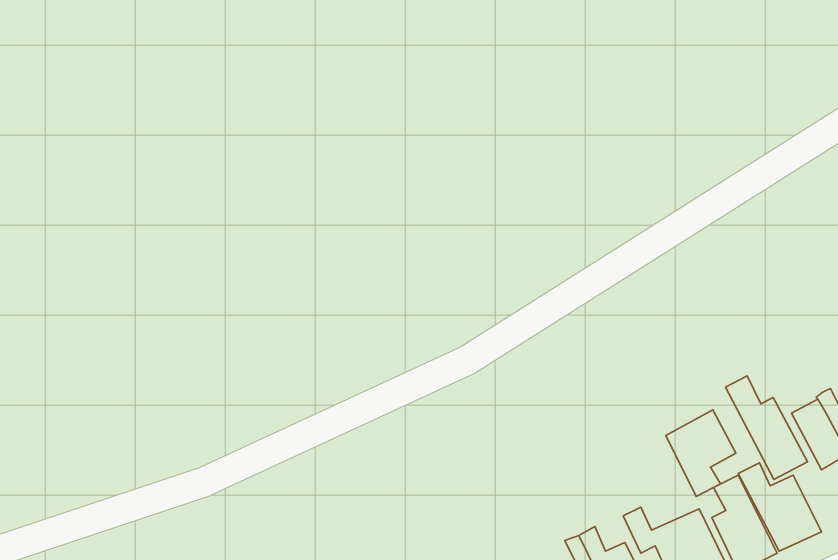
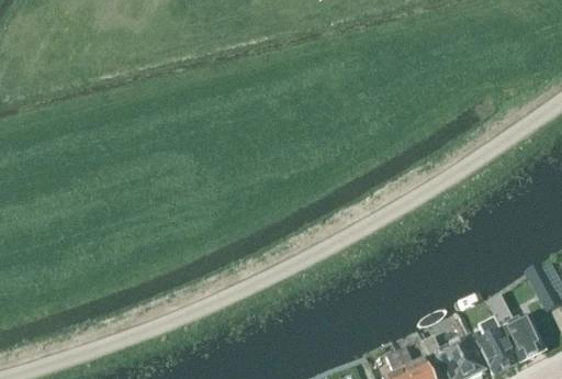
building: [726,376,808,479] -> none
building: [666,410,736,496] -> none

